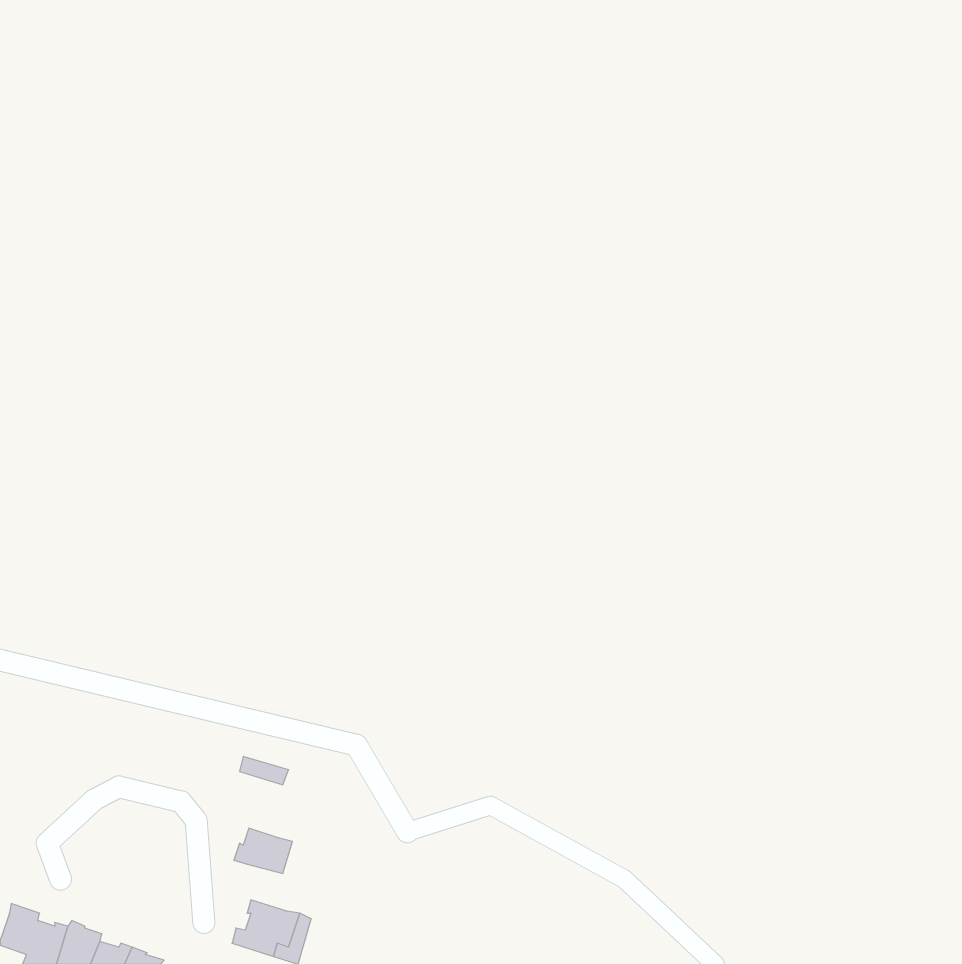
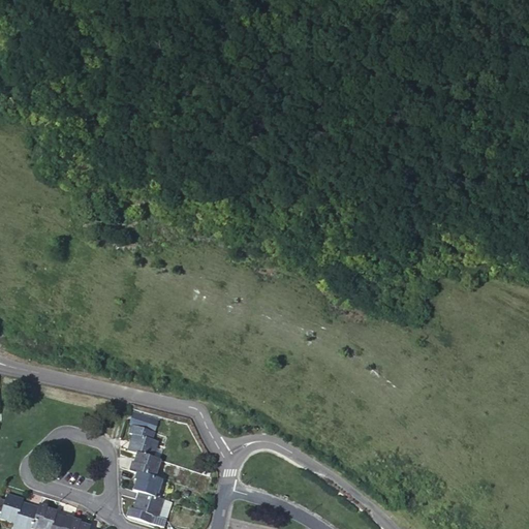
building: none -> [128,425,158,459]
building: none -> [133,473,163,499]

